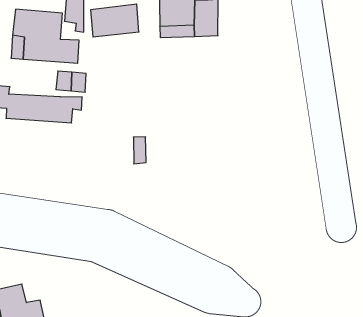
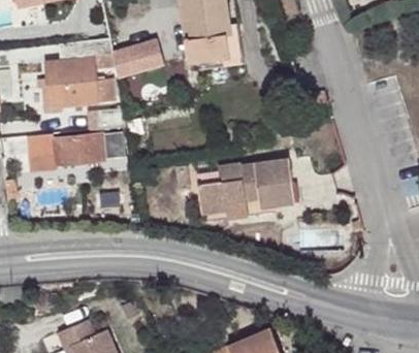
building: none -> [198,157,296,218]

